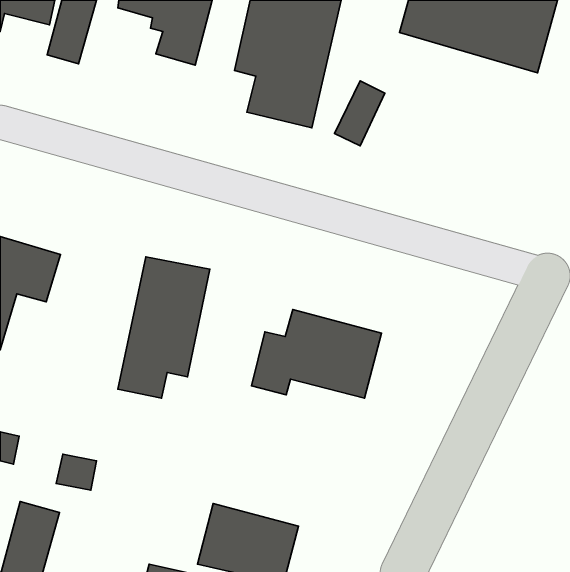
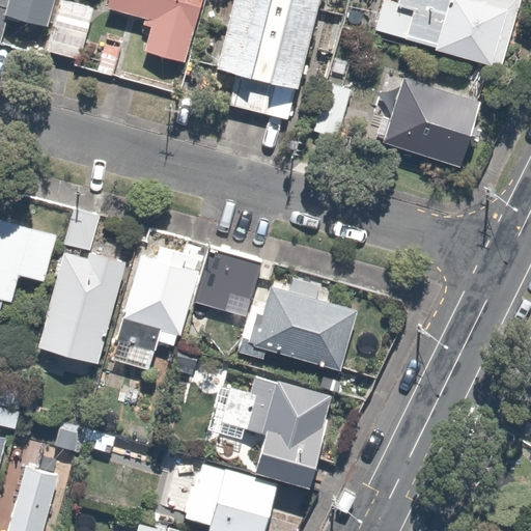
building: none -> [383,75,483,165]
building: none -> [39,209,127,362]
building: none -> [191,242,258,316]
building: none -> [222,375,334,483]

